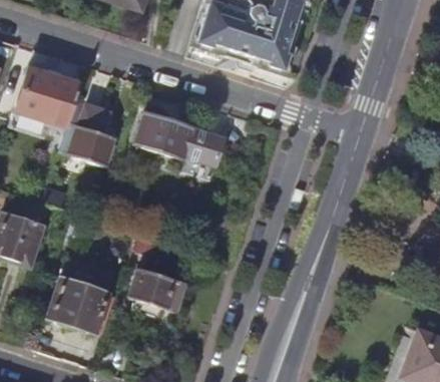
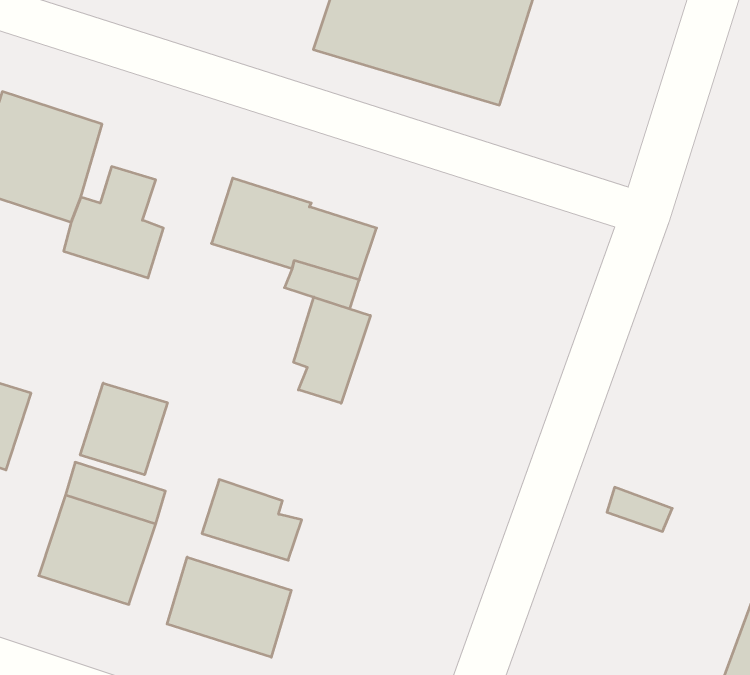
building: none -> [294,297,370,403]
building: none -> [80,383,167,475]
building: none -> [167,557,291,657]

